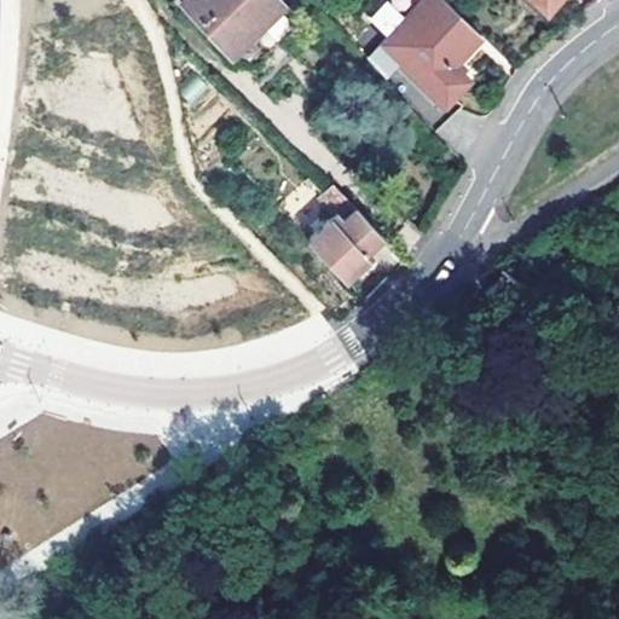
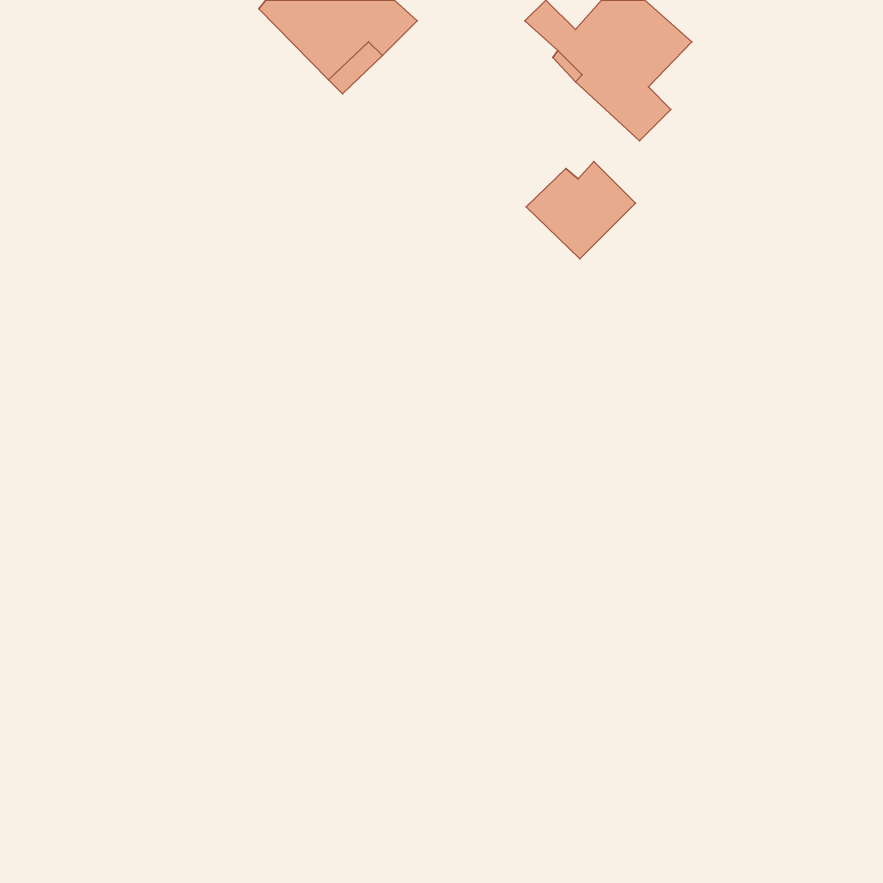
building: [308,208,384,276] -> [526,162,636,259]

